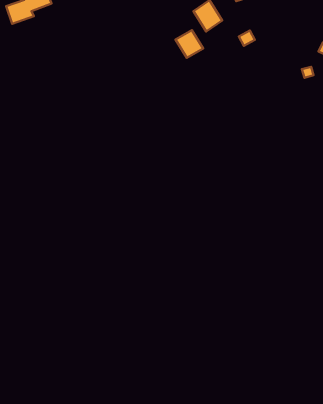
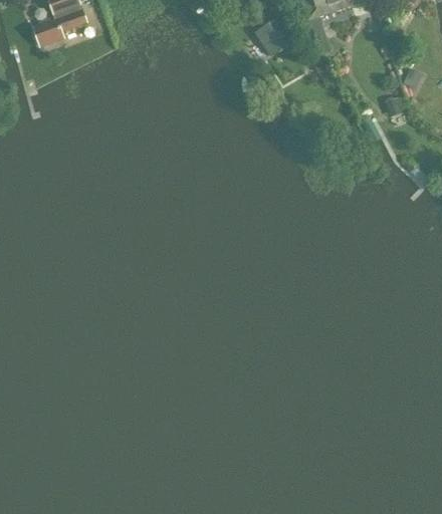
building: [176,30,203,58] -> none

